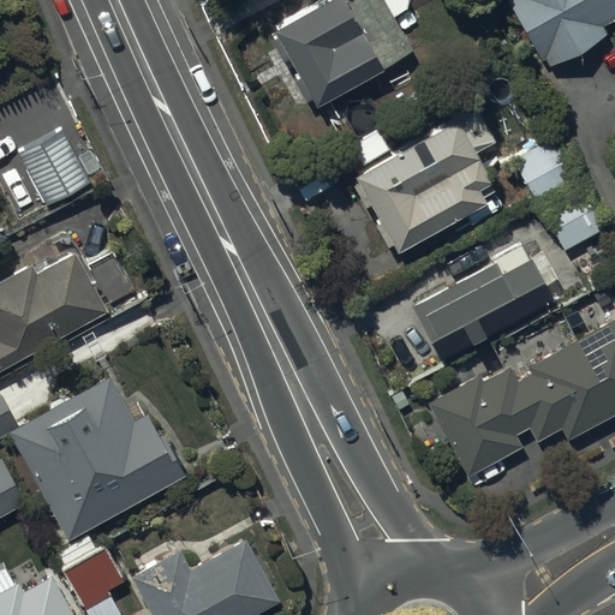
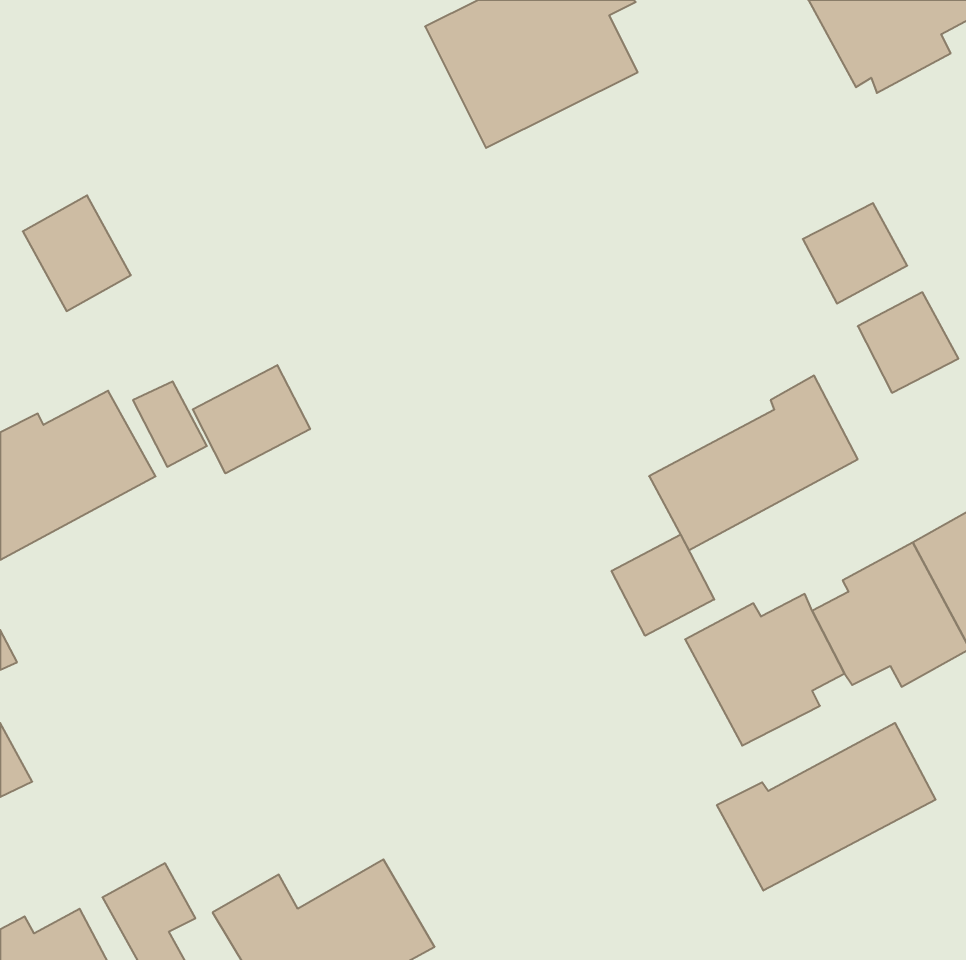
building: [357,121,483,243] -> none
building: none -> [193,365,310,473]
building: none -> [612,534,714,636]
building: [13,382,177,532] -> none
building: none -> [717,723,936,891]

